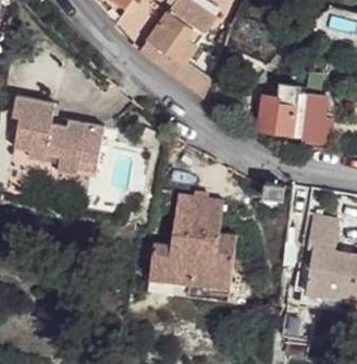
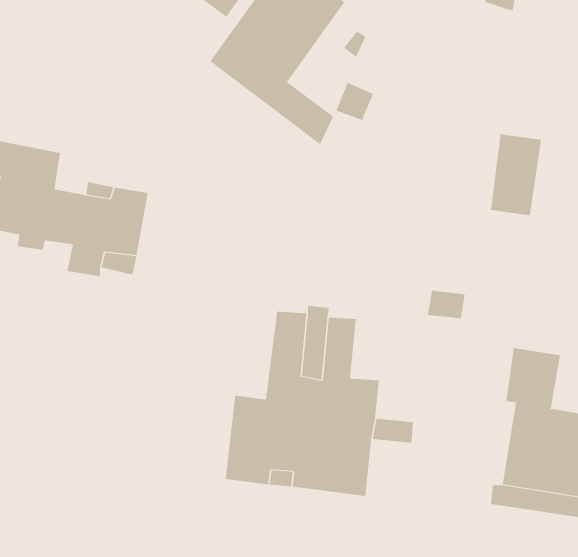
building: [257,82,305,135] -> none

